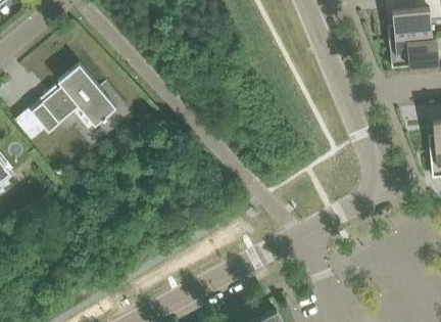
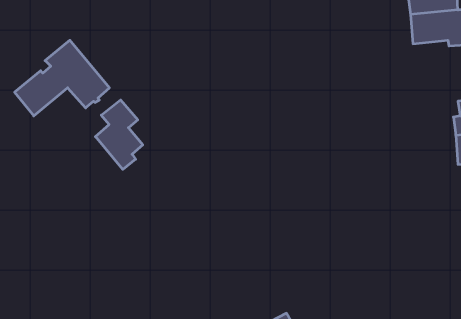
building: none -> [95,100,143,169]

